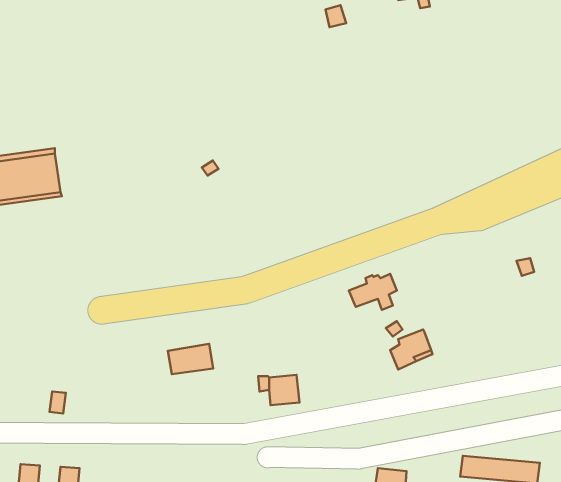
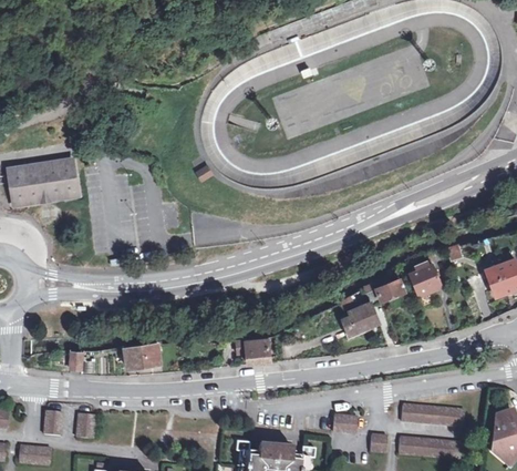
building: [349,274,397,310] -> [366,277,405,306]
building: none -> [411,258,442,293]
building: [168,344,213,374] -> [125,341,162,366]

